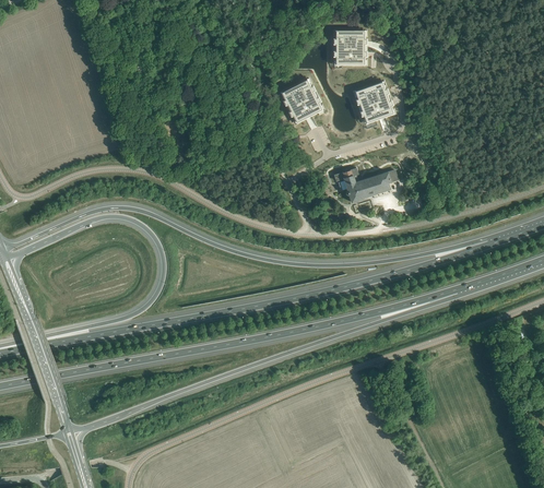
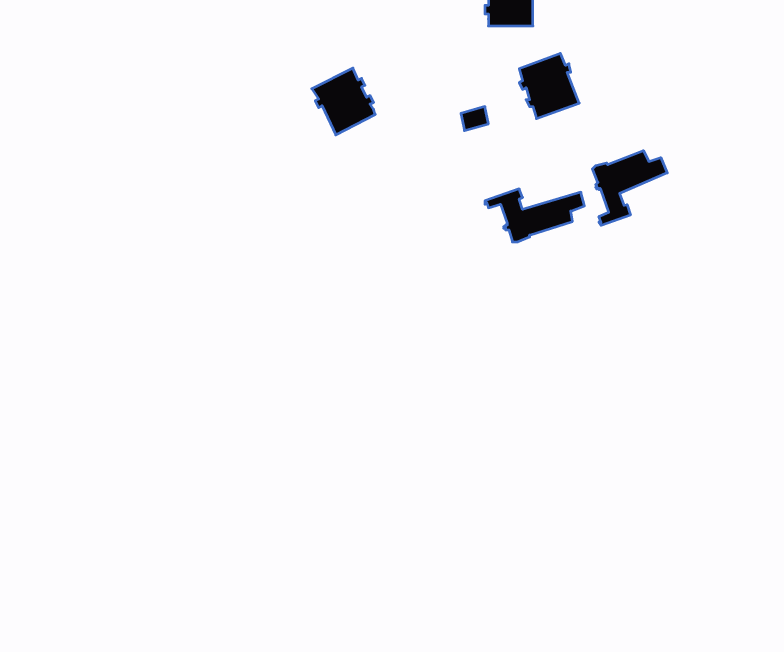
building: [281,79,321,121] -> [312,68,375,135]
building: none -> [592,151,667,225]

